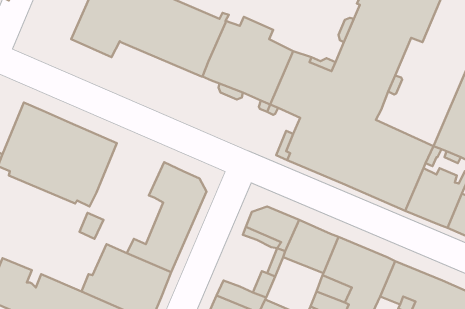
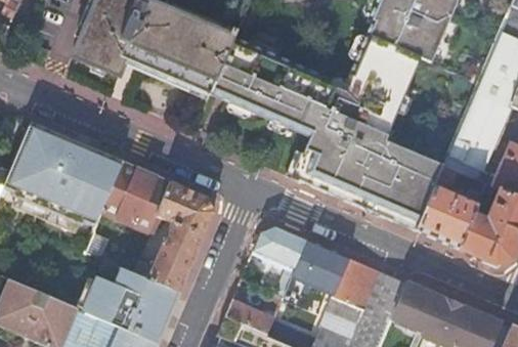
building: none -> [102,162,171,233]

